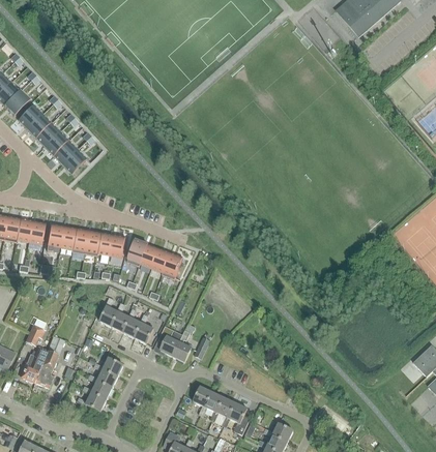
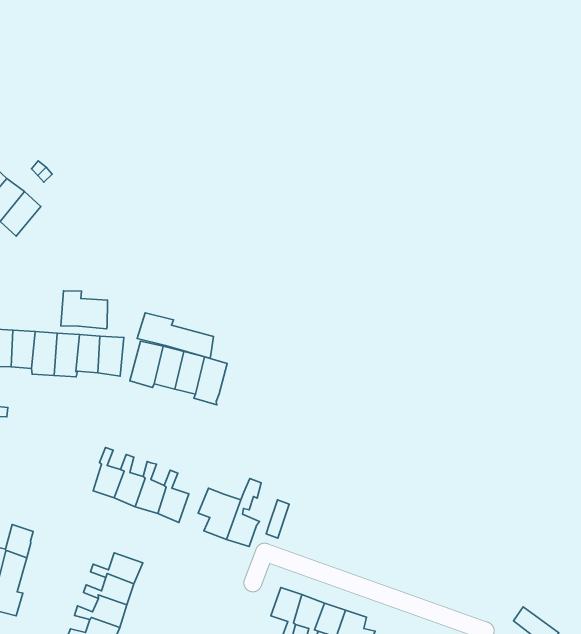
building: none -> [61,291,108,329]
building: none -> [137,313,214,358]

